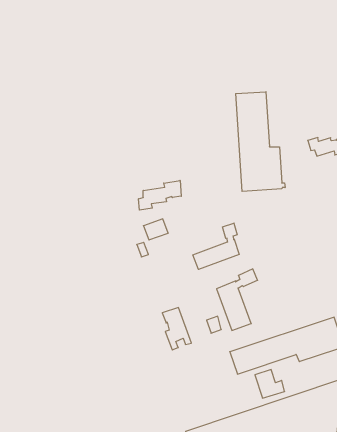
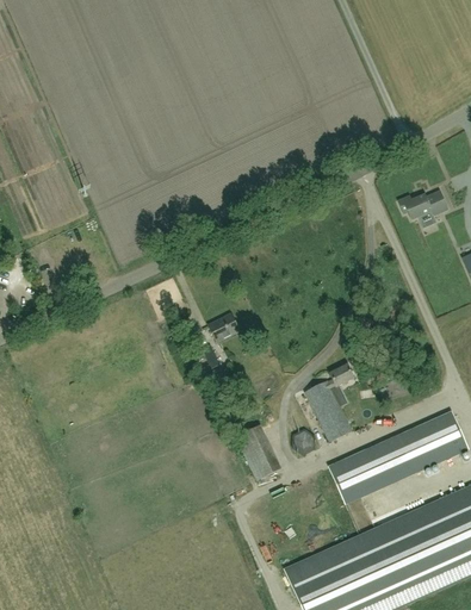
building: [236,92,285,191] -> none
building: [139,180,181,210] -> none
building: [193,223,239,269] -> none

